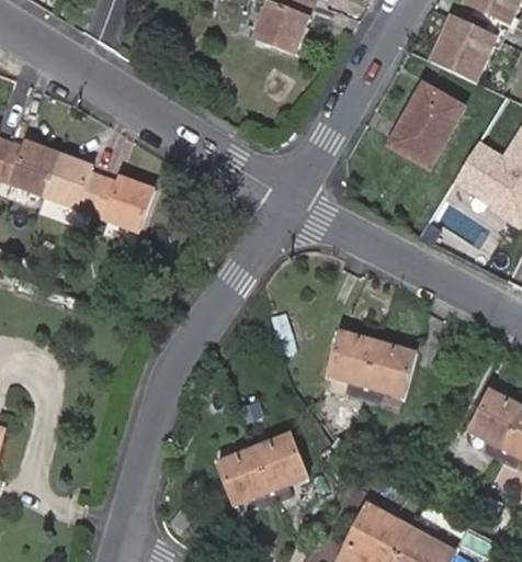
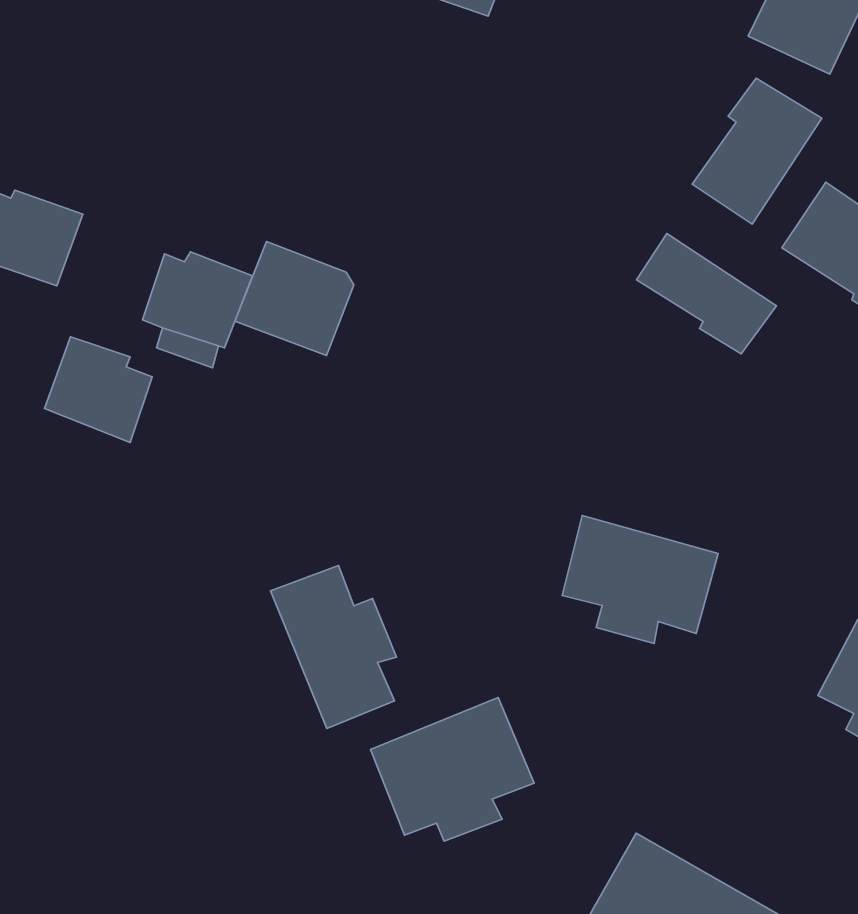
building: [50,160,110,218] -> [44,337,152,443]
building: none -> [636,233,777,354]
building: none -> [235,241,354,355]
building: none -> [270,565,396,728]

